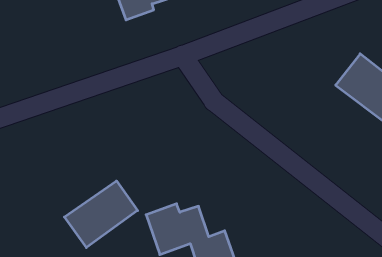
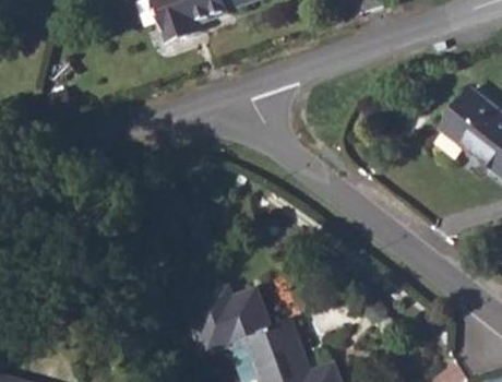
building: [64,181,138,248] -> none

